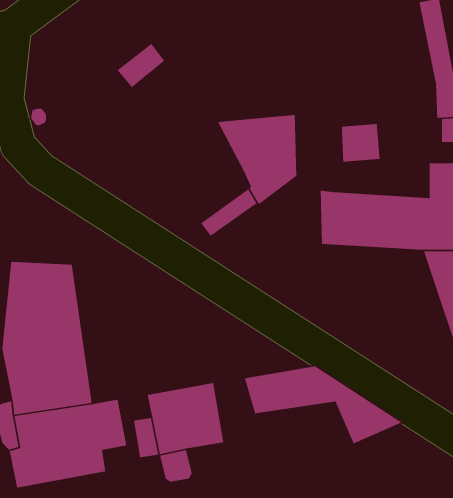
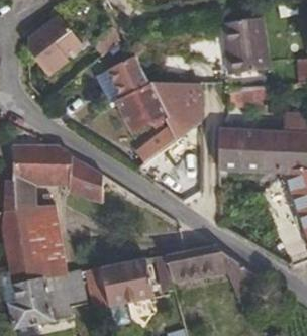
building: none -> [28,14,76,76]
building: none -> [220,18,264,72]
building: none -> [107,55,165,131]
building: none -> [12,142,103,199]

